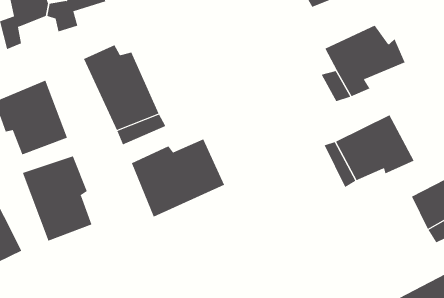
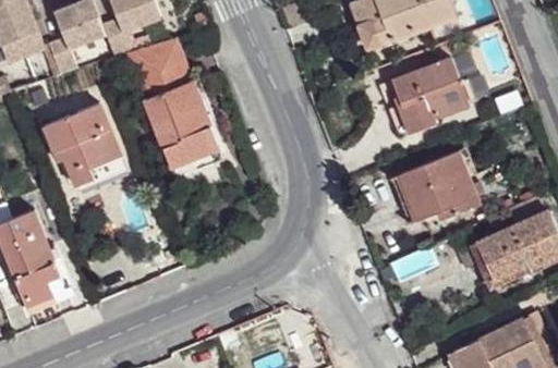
building: none -> [126,42,189,82]
building: [131,139,225,218] -> none
building: [22,156,92,242] -> none

